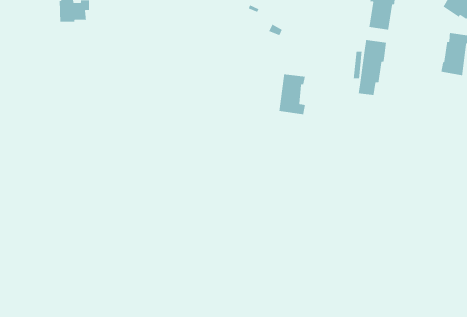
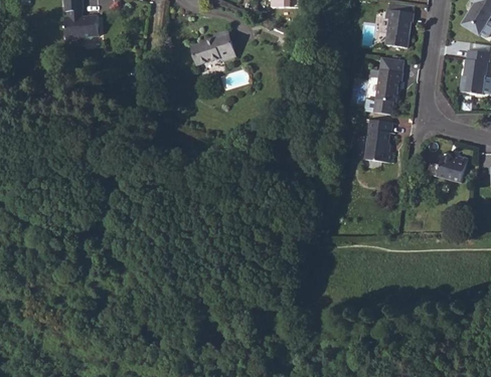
building: none -> [192,30,236,64]
building: [279,73,306,115] -> [365,120,393,163]
building: none -> [437,155,468,182]

